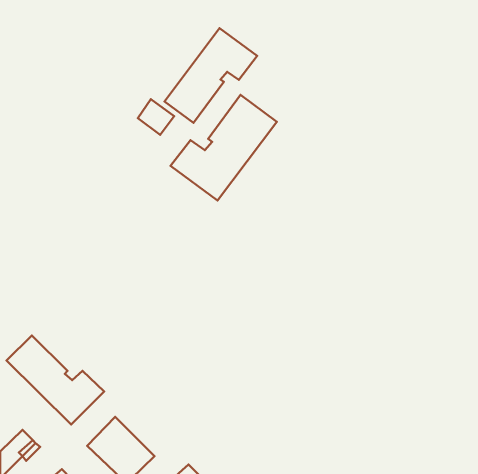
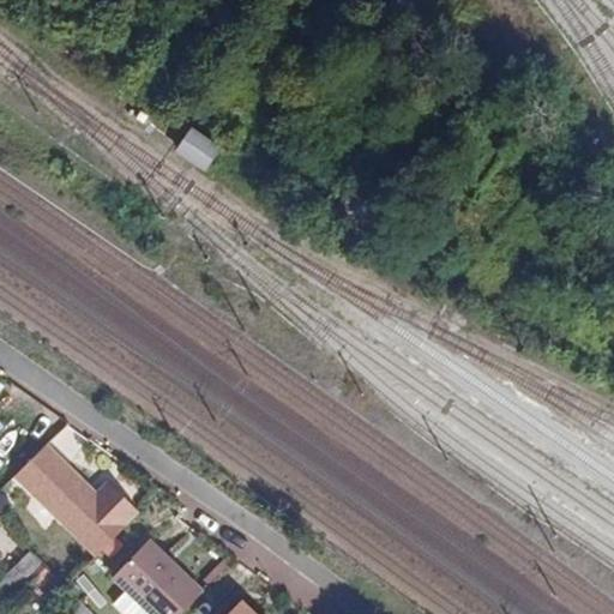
building: [165,28,257,123] -> none
building: [171,95,277,201] -> none

